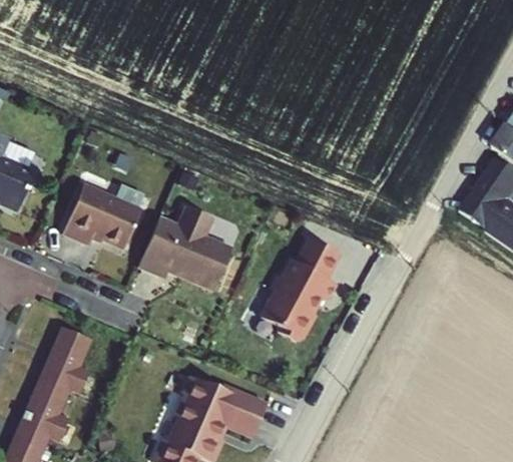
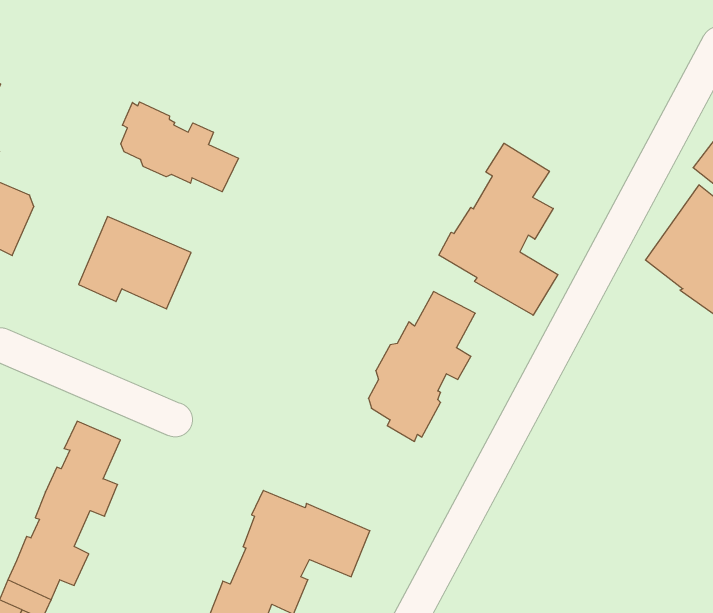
building: none -> [121,102,239,192]
building: none -> [439,143,558,315]
building: [140,203,234,288] -> none

